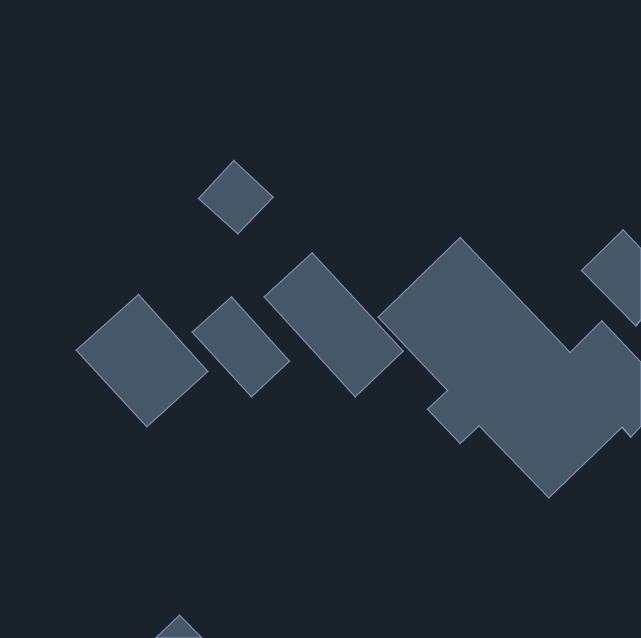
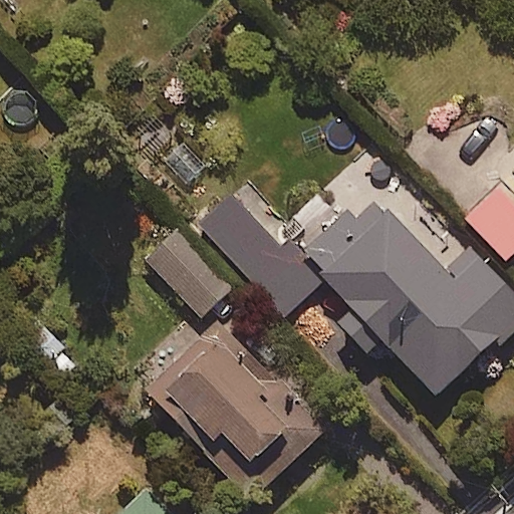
building: [76,295,208,427] -> none
building: none -> [146,320,322,501]

